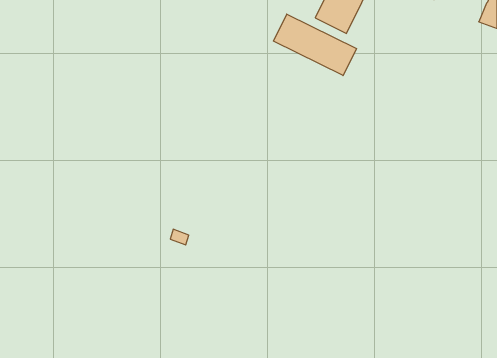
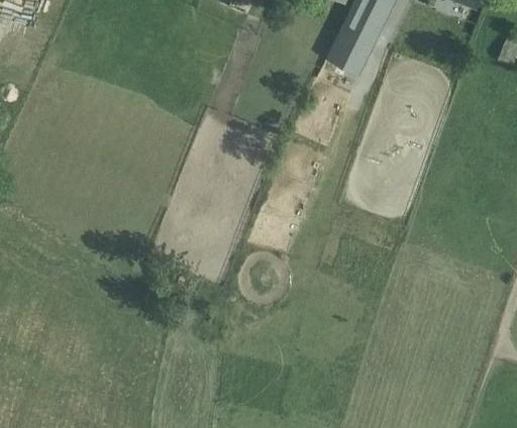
building: [273,14,356,76] -> none

